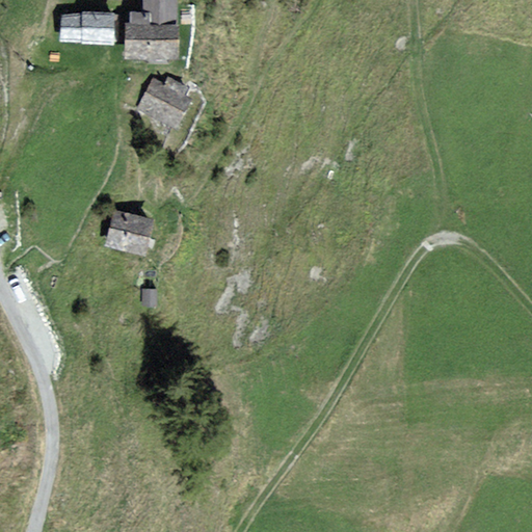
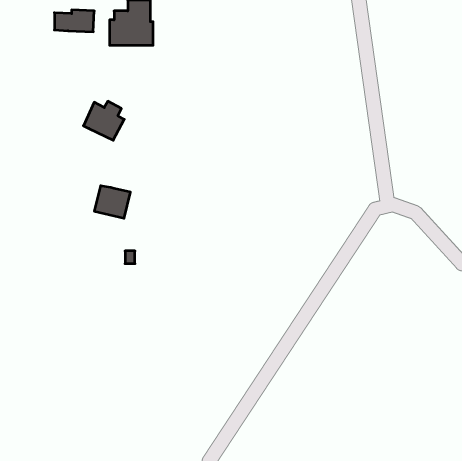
building: [140,77,187,122] -> [83,101,124,140]

